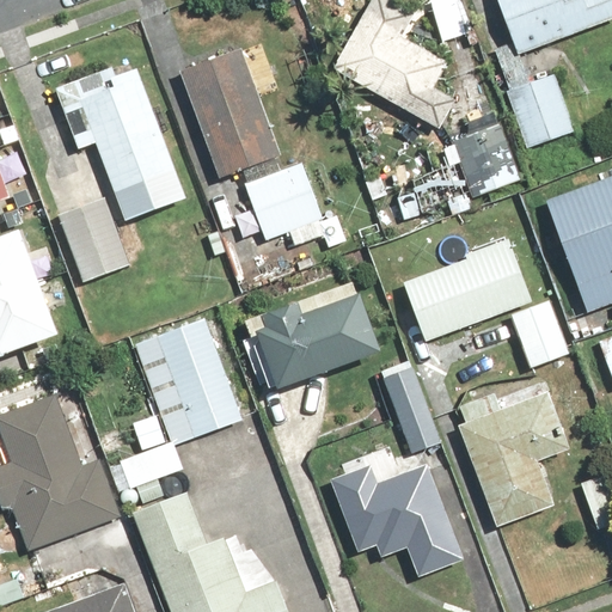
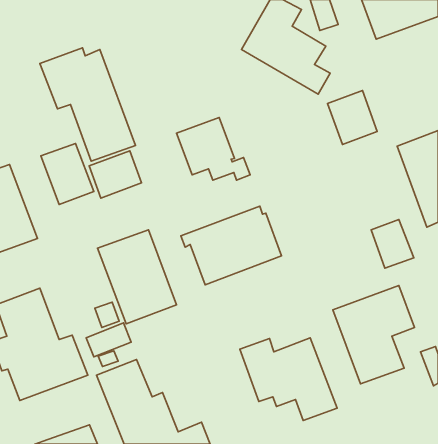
building: [491,42,574,148] -> none
building: [179,43,281,178] -> none
building: none -> [89,151,142,198]
building: [404,238,533,342] -> none
building: [381,368,436,453] -> none

